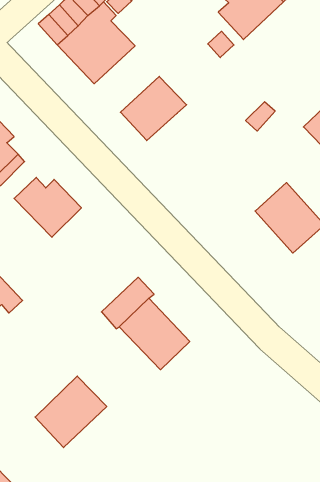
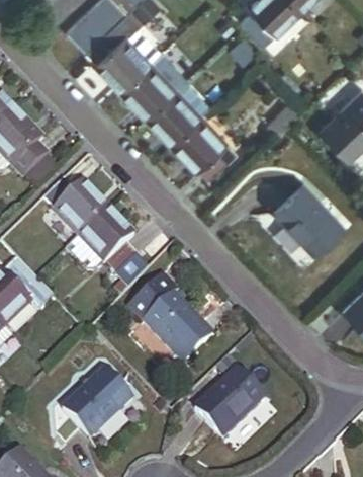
building: none -> [120,52,185,115]
building: none -> [171,116,236,180]
building: none -> [67,208,149,288]
building: none -> [195,370,264,439]

